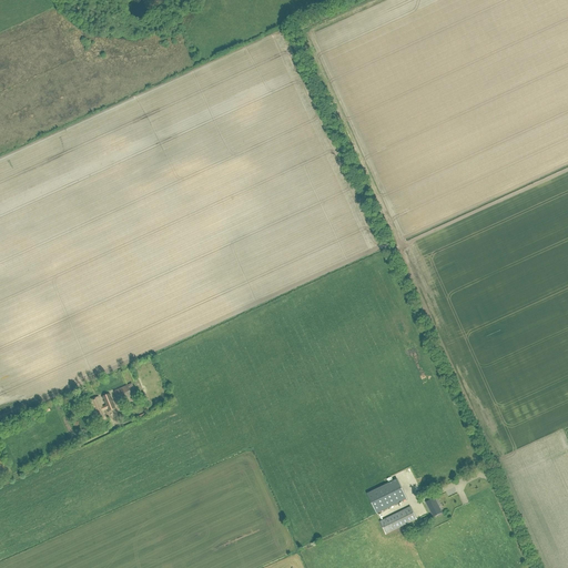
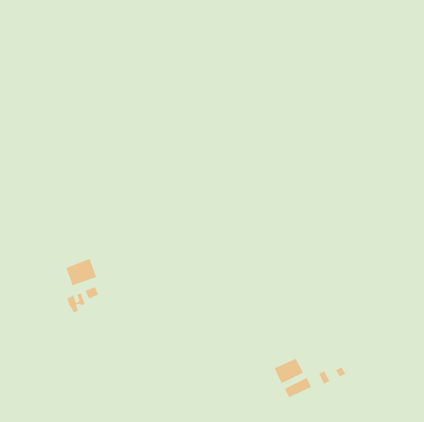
building: none -> [66,258,97,286]

